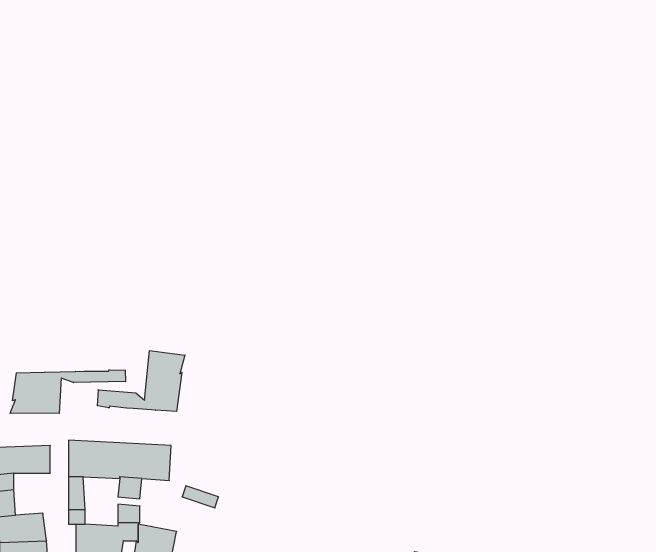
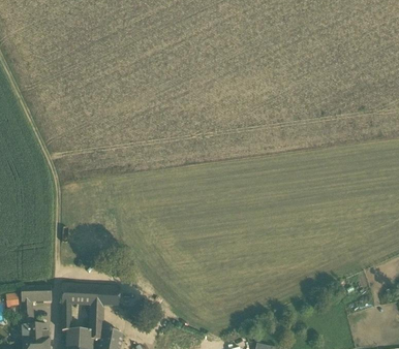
building: [97,351,185,411] -> none
building: [10,370,126,413] -> none

